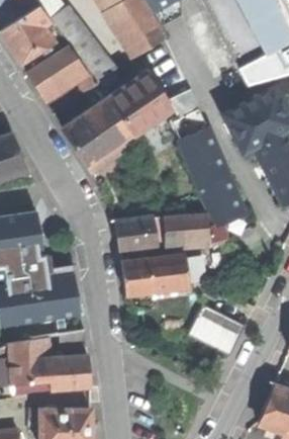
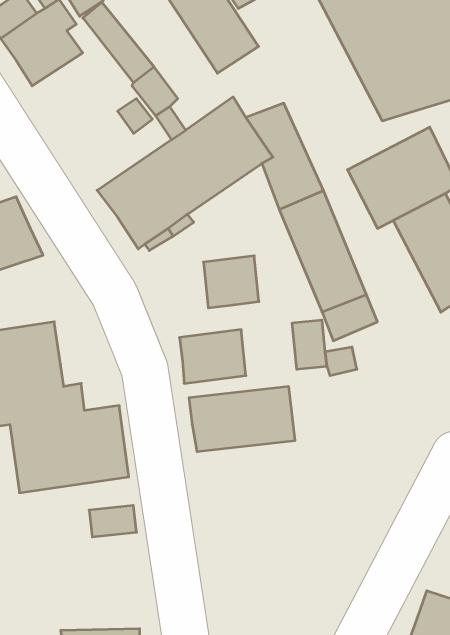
building: [28,47,84,97] -> none
building: [155,214,190,248] -> [203,256,259,308]
building: [188,305,244,356] -> none
building: [9,341,44,385] -> none
building: [47,356,90,391] -> none

